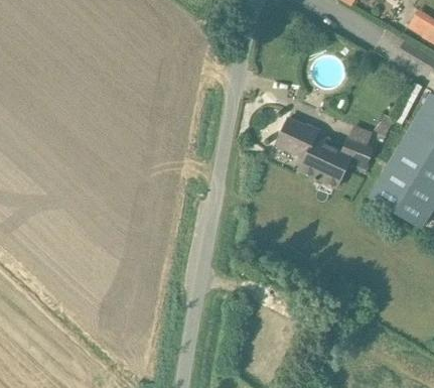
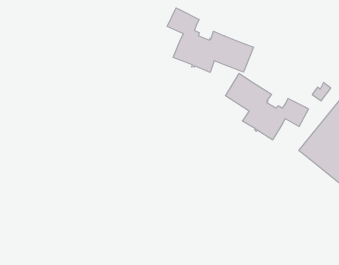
building: none -> [167,8,254,72]

